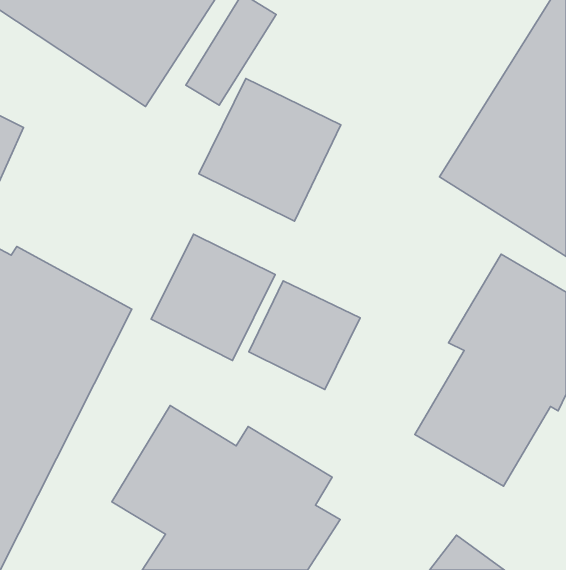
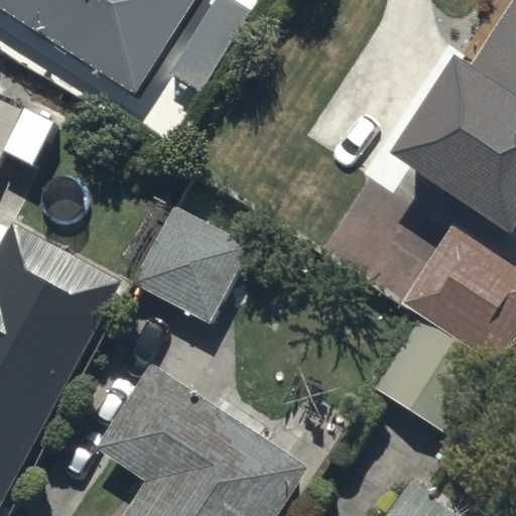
building: [199,78,341,221] -> none
building: [249,281,360,389] -> none

